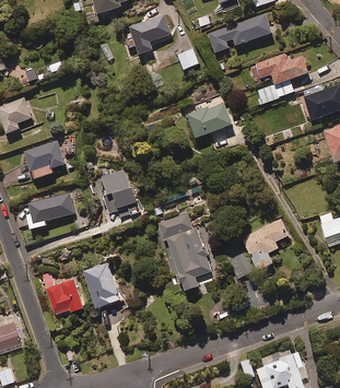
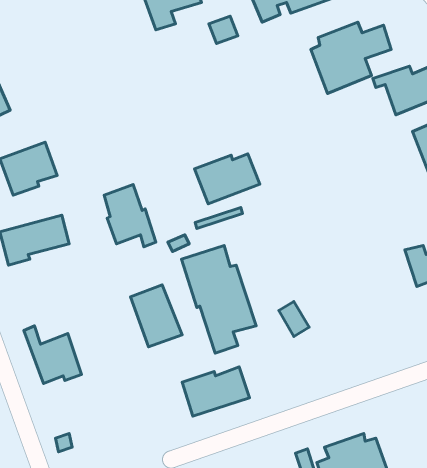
building: [185,102,232,138] -> [195,154,260,204]
building: [241,217,288,269] -> none
building: [84,261,121,306] -> [130,285,182,347]
building: none -> [182,367,249,416]

